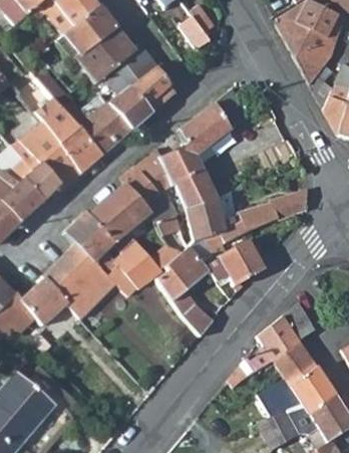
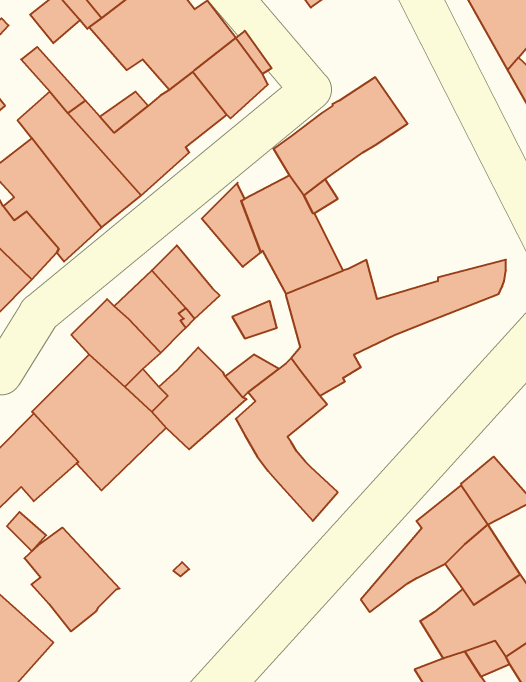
building: [121,164,161,206] -> none
building: [205,239,264,290] -> none
building: none -> [24,528,120,631]

